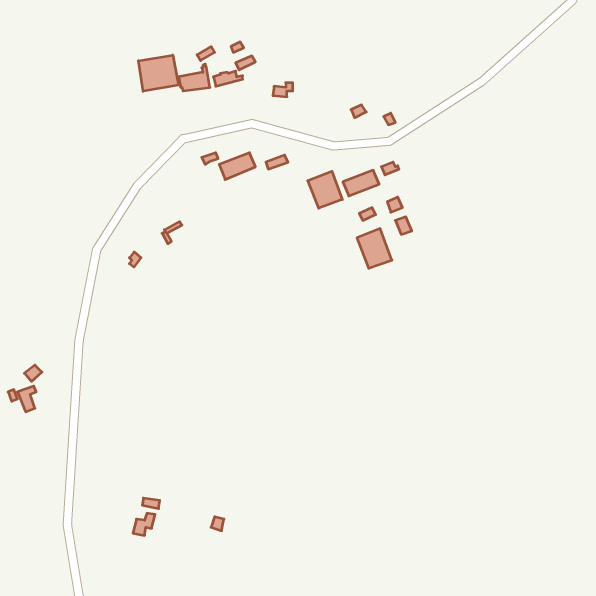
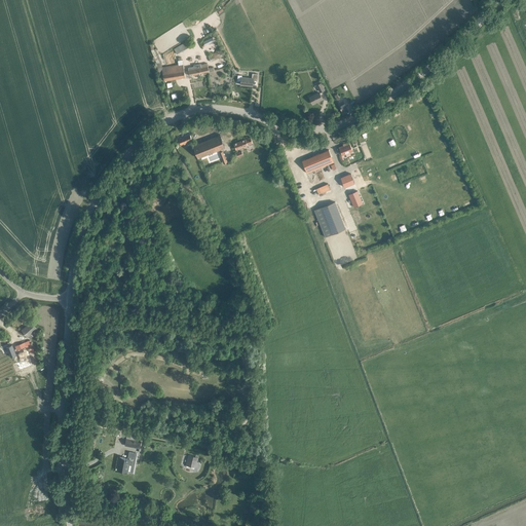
building: [138,55,179,91] -> none
building: [308,171,342,208] -> none

